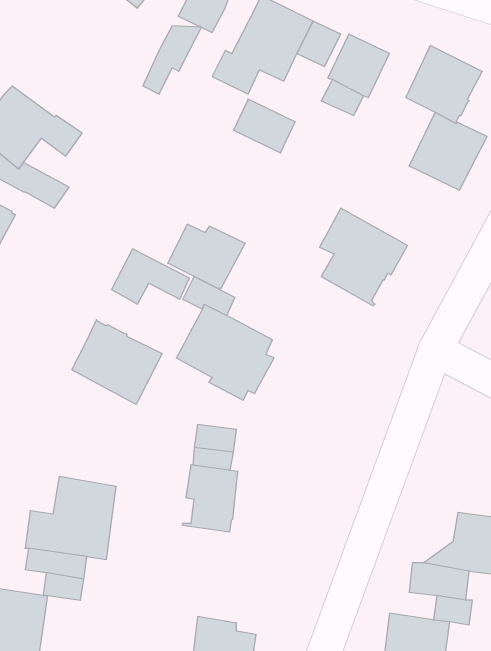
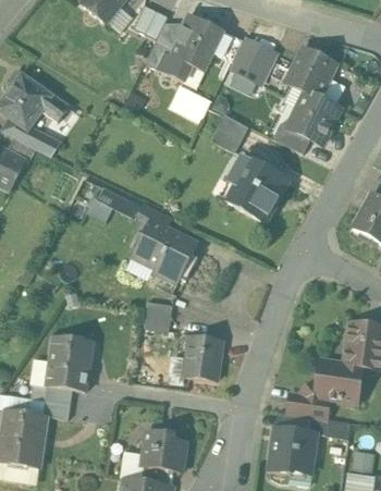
building: [143,26,201,94] -> [145,22,184,67]
building: none -> [211,113,247,152]
building: none -> [272,122,310,152]
building: [168,224,245,289] -> none
building: [72,320,162,404] -> none
building: [183,465,238,532] -> [184,335,221,380]

